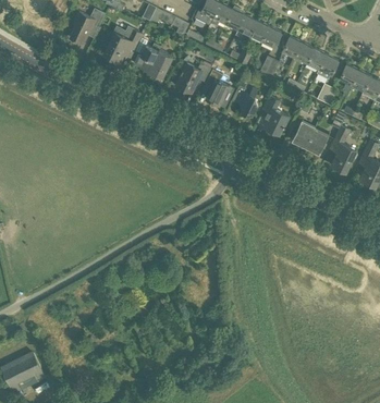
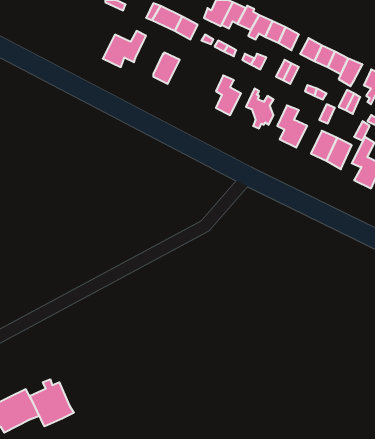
building: [70,8,106,44] -> none
building: [133,38,160,69] -> none
building: [176,62,210,91] -> none
building: none -> [30,379,74,426]

